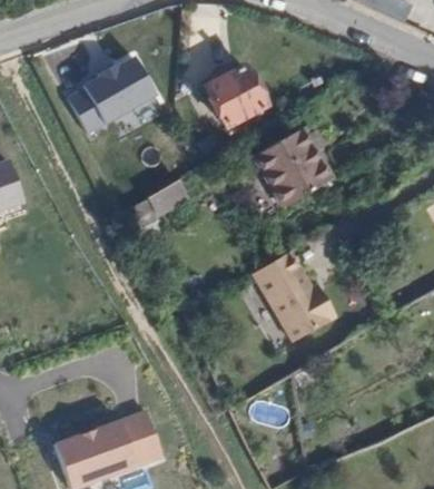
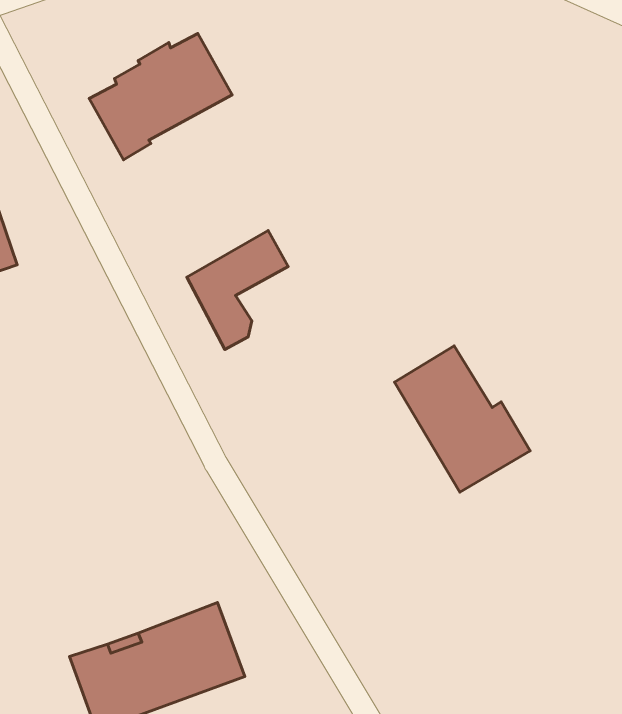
building: [205,63,272,126] -> none
building: [254,129,328,206] -> none

